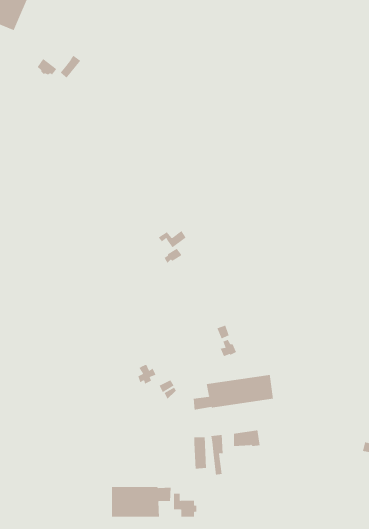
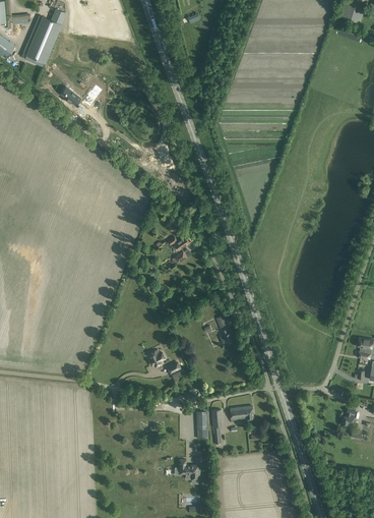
building: [193,374,274,410] -> none
building: [111,486,171,517] -> none

